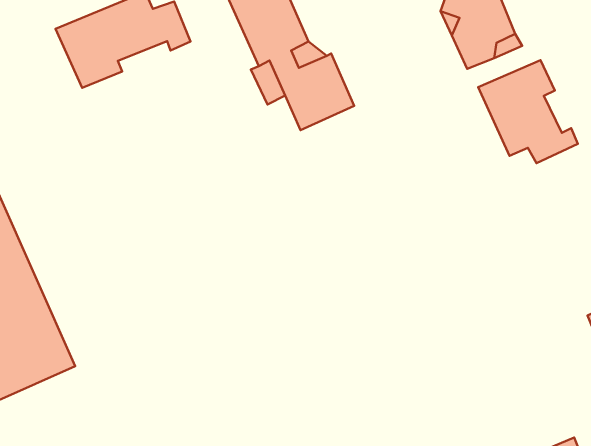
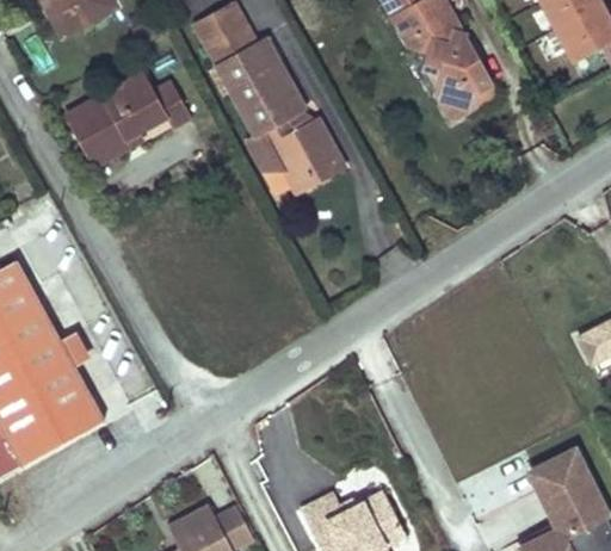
building: [478,60,578,163] -> none

